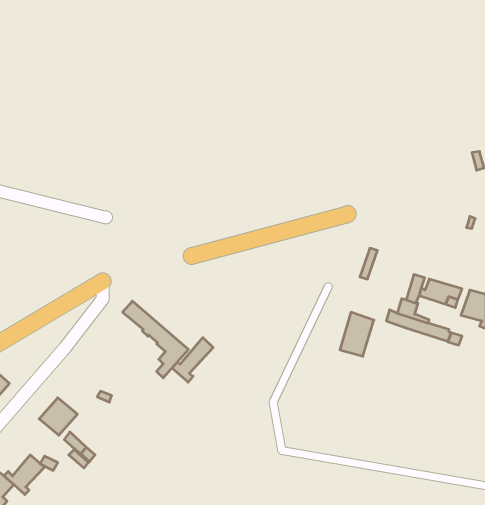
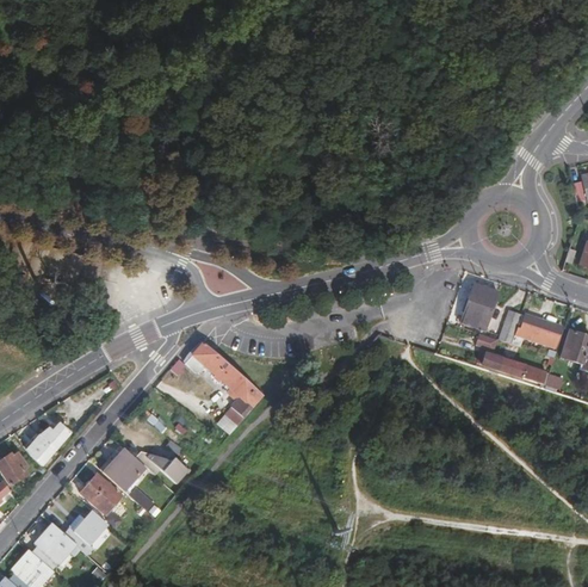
building: [340,312,374,356] -> [460,283,497,330]
building: [172,338,213,382] -> none
building: none -> [135,446,188,480]
building: none -> [80,472,119,511]

